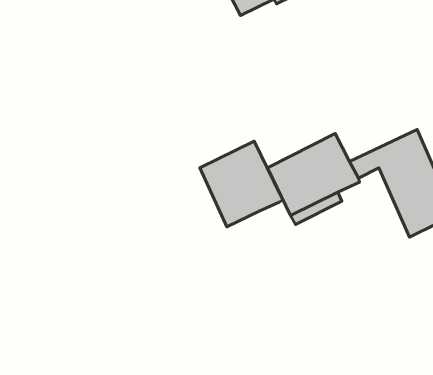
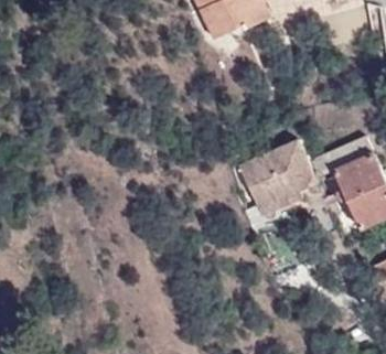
building: [200,141,283,227] -> none

